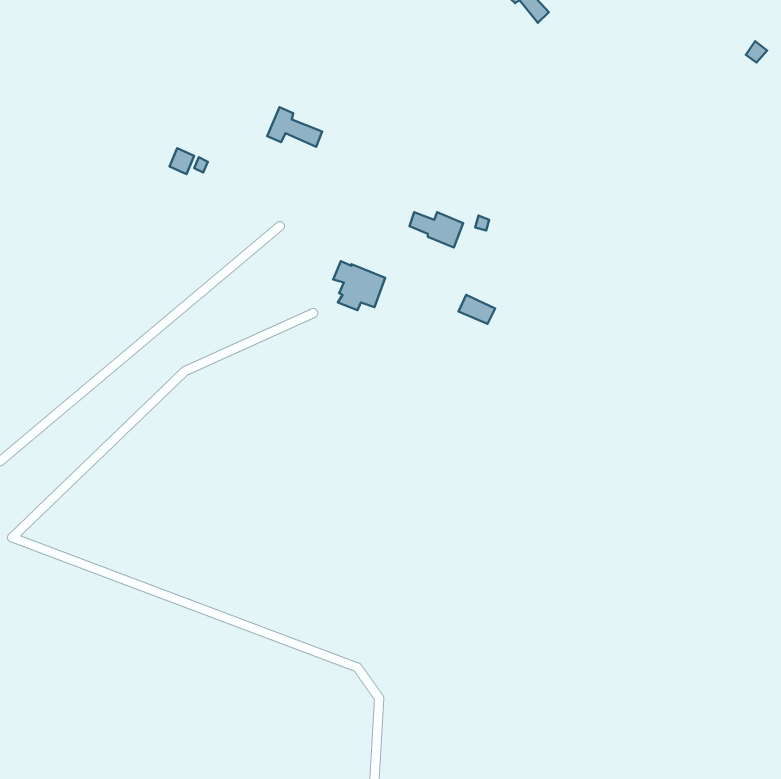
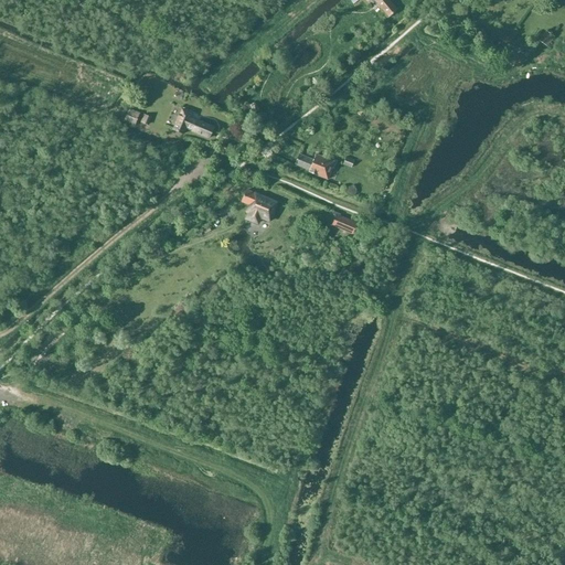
building: [267,107,322,147] -> [173,108,213,137]

